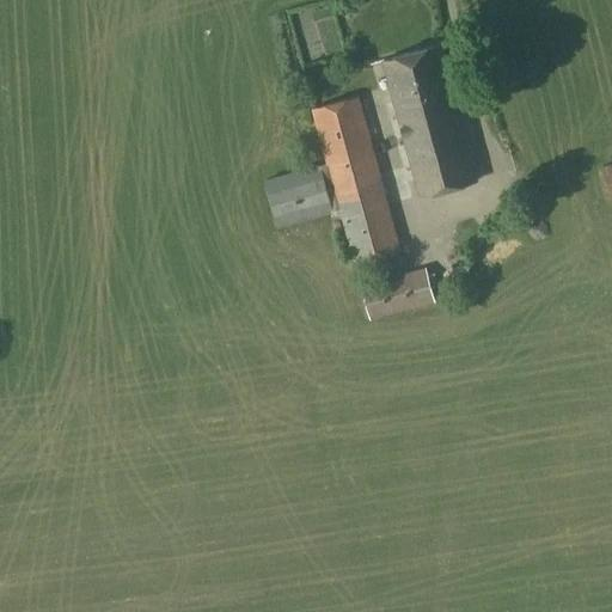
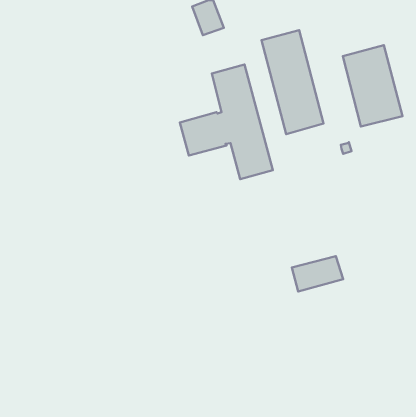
building: none -> [343,45,402,126]
building: [359,269,434,320] -> [292,256,343,291]

